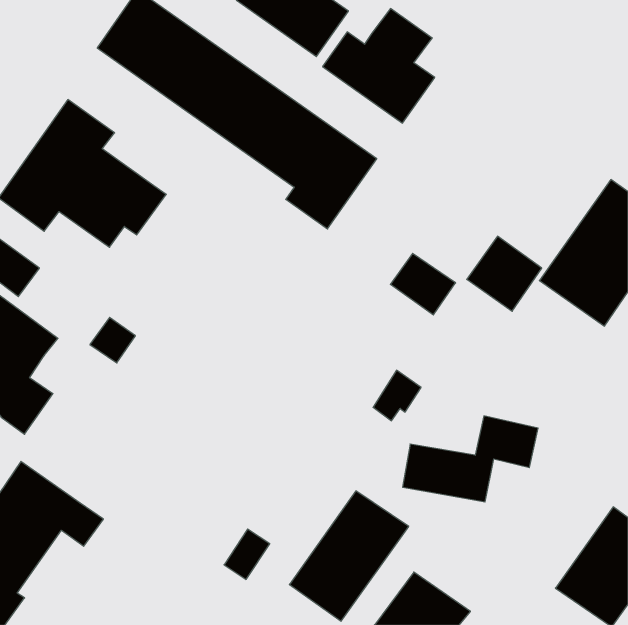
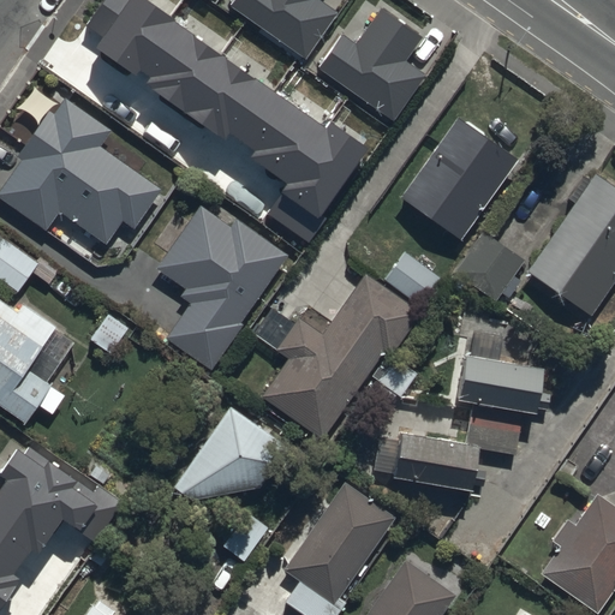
building: none -> [399,117,517,241]
building: none -> [157,209,286,374]
building: none -> [261,275,422,440]
building: none -> [454,351,547,413]
building: none -> [157,410,321,509]

